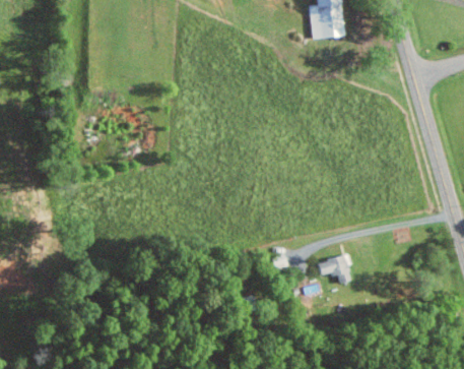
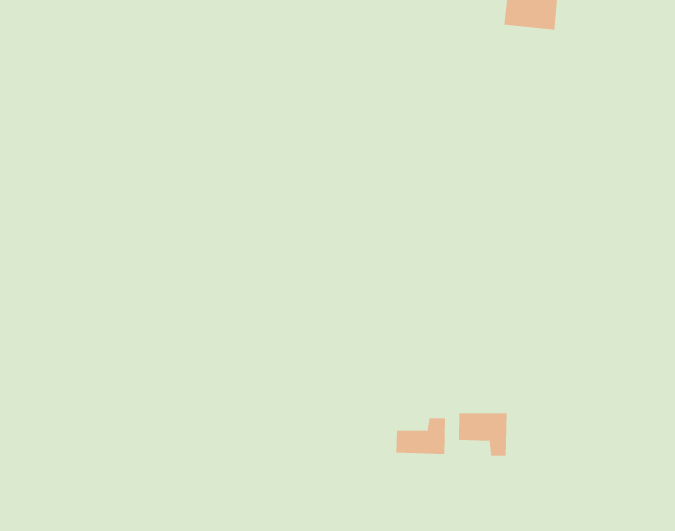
building: none -> [396,418,446,455]

